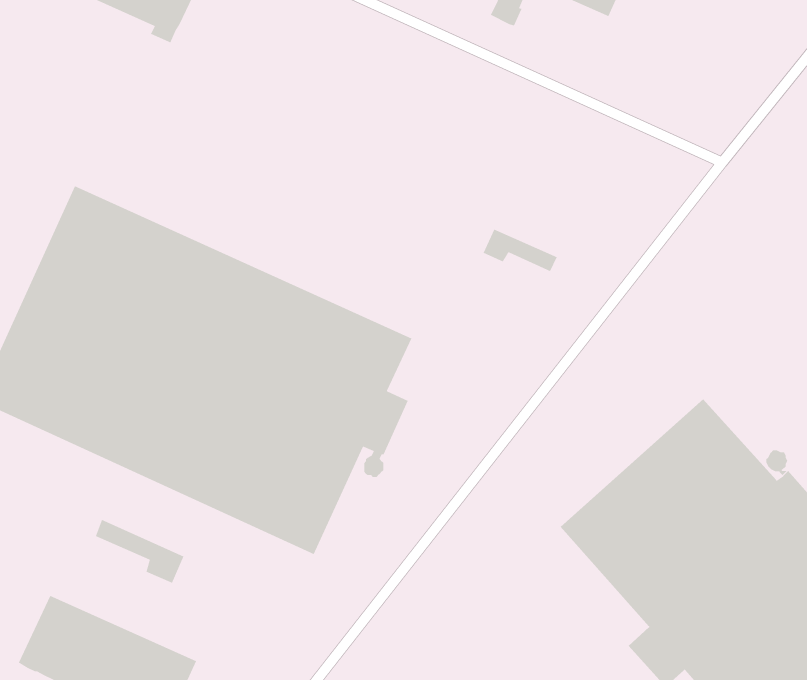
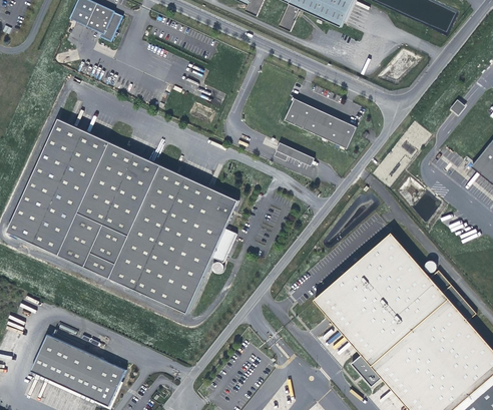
building: none -> [284,97,357,147]
building: [95,519,184,584] -> none

